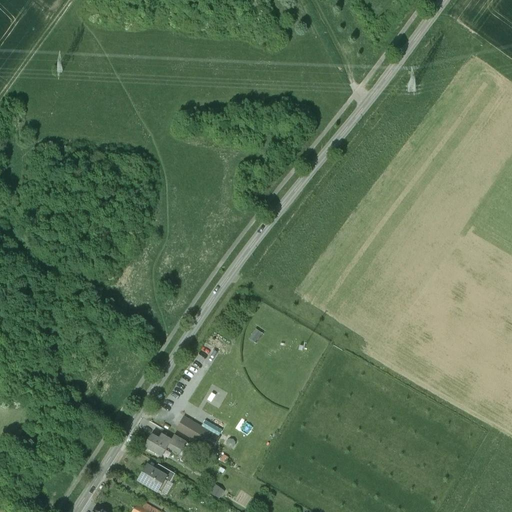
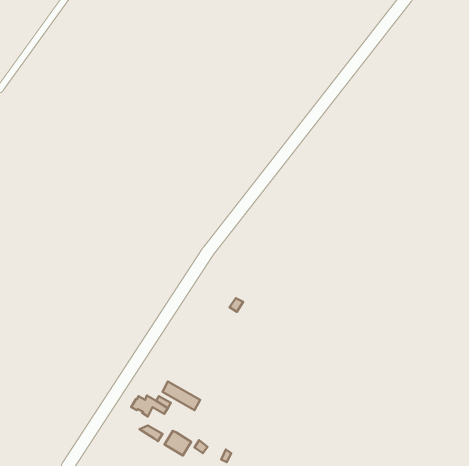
building: [139,466,168,493] -> [164,431,191,456]

